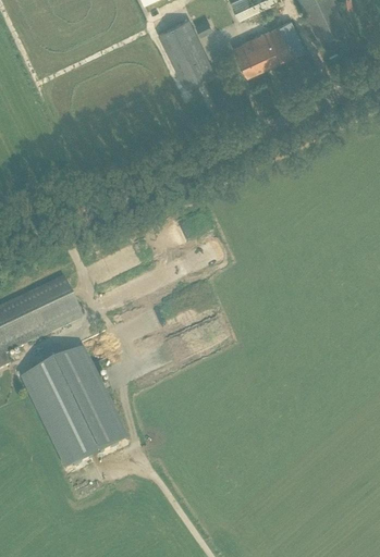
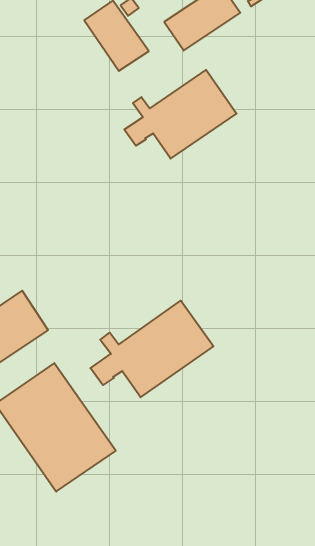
building: none -> [124,70,237,159]
building: none -> [90,301,213,397]

